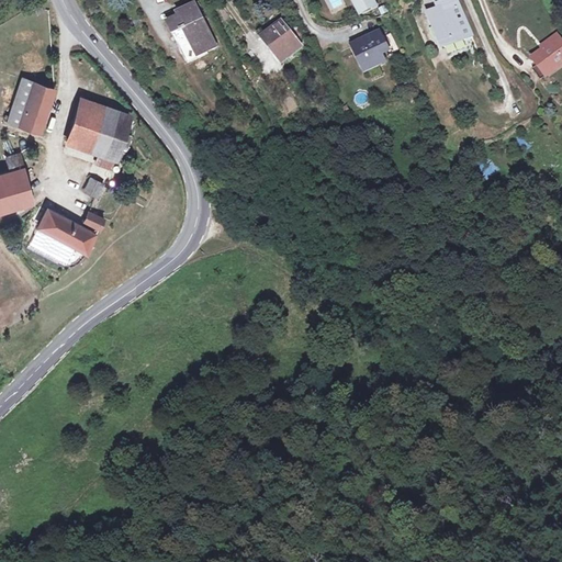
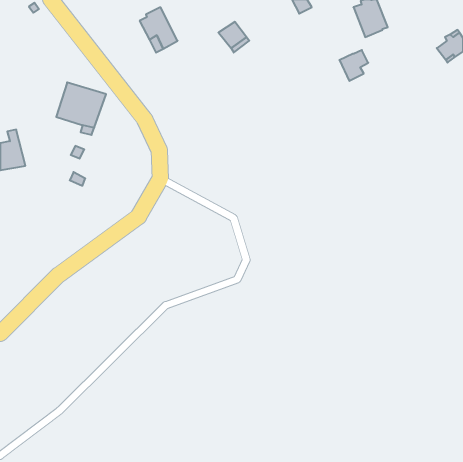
building: [356,36,391,74] -> [339,50,368,81]
building: [5,78,52,131] -> none
building: [40,209,93,246] -> none

